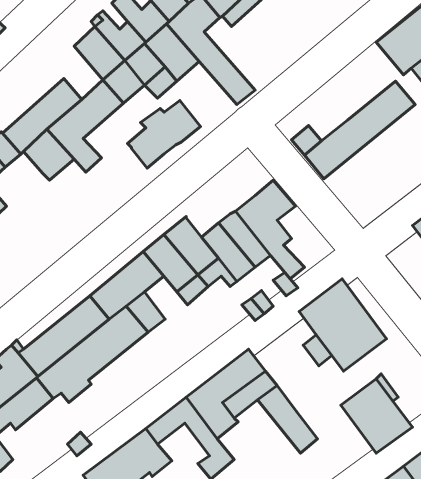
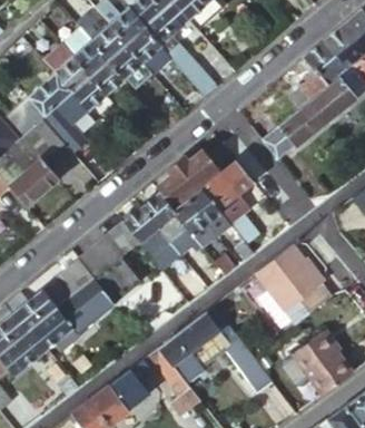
building: none -> [288,41,346,108]
building: none -> [46,45,89,90]
building: [128,101,201,168] -> [157,150,219,208]
building: none -> [7,154,58,204]

